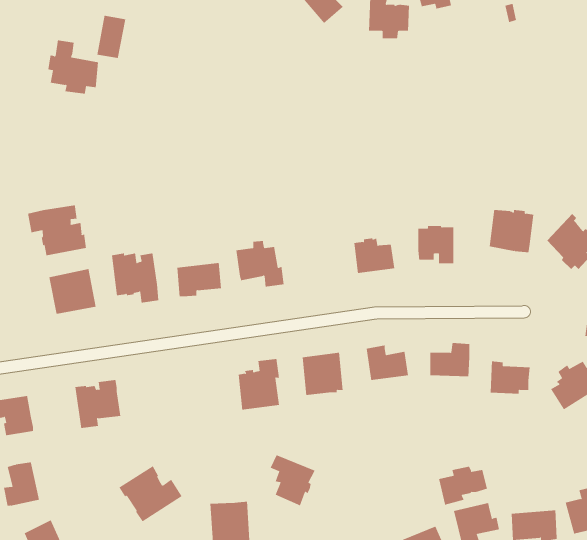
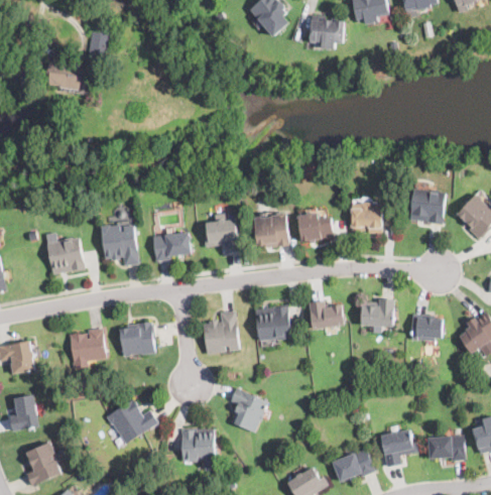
building: [27,204,86,256] -> none
building: none -> [251,212,289,248]
building: none -> [118,320,154,357]
building: [438,466,487,505] -> none

